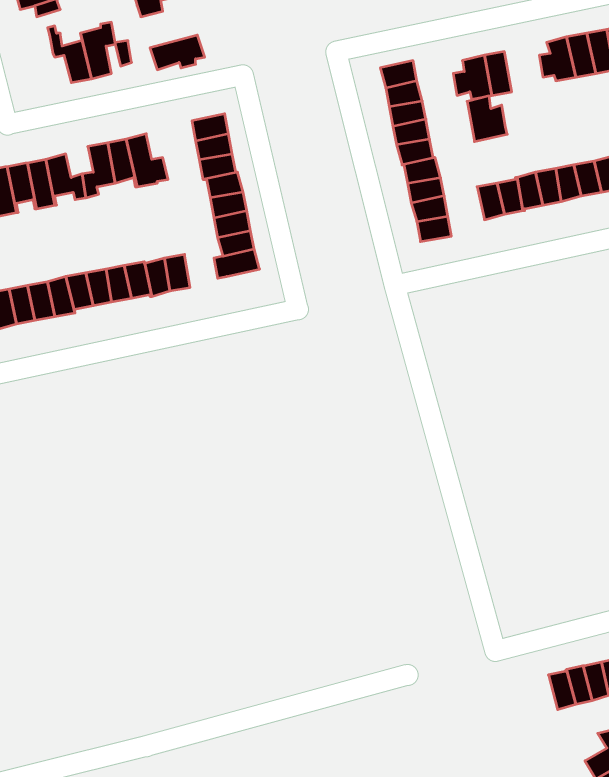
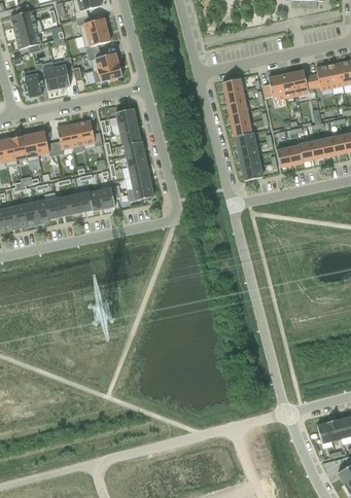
building: none -> [86,50,118,71]
building: none -> [23,69,41,98]
building: [467,96,507,142] -> [291,70,314,96]

